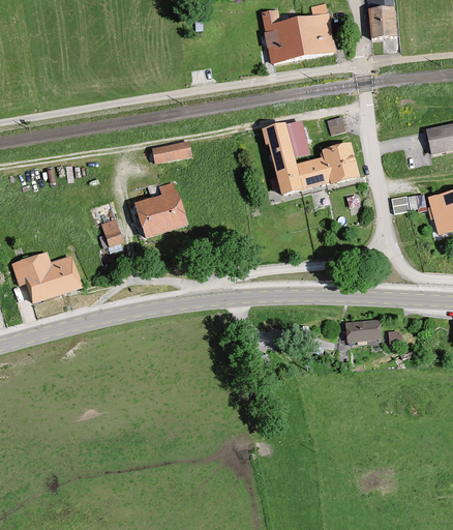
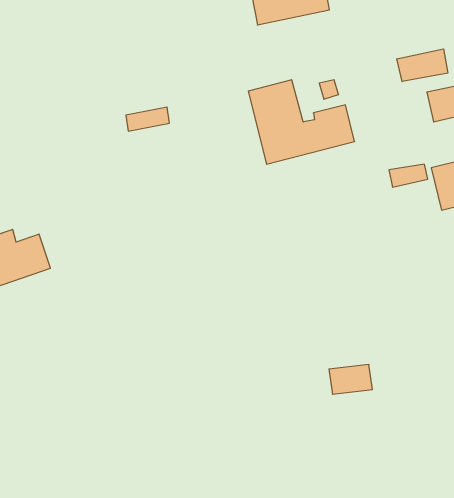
building: none -> [397,49,448,82]
building: [134,180,189,239] -> none
building: [101,213,127,245] -> none
building: [344,318,384,345] -> [329,364,372,394]

